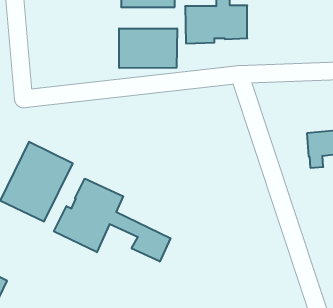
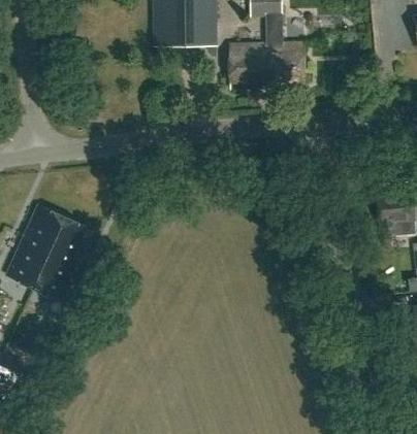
building: [119,28,177,68] -> none
building: [54,179,170,262] -> none

